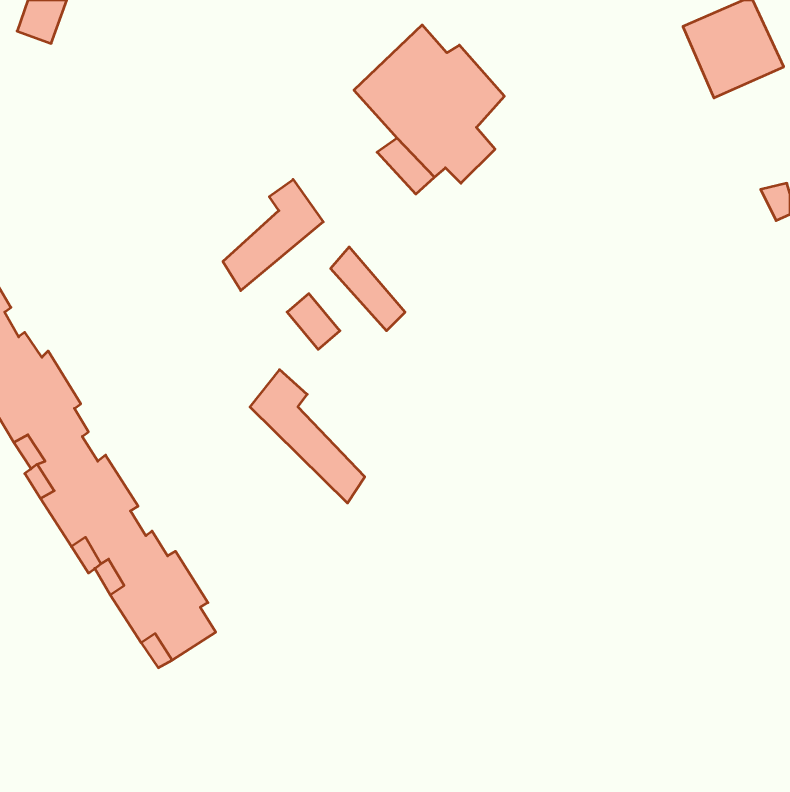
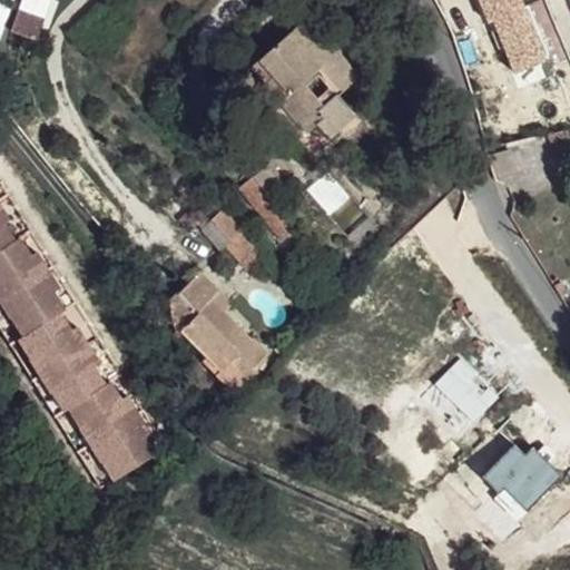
building: [223,179,323,291] -> none
building: none -> [169,293,249,389]
building: none -> [433,360,501,428]
building: none -> [478,443,561,513]

